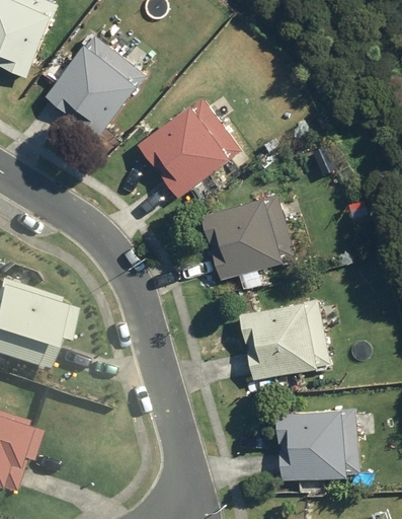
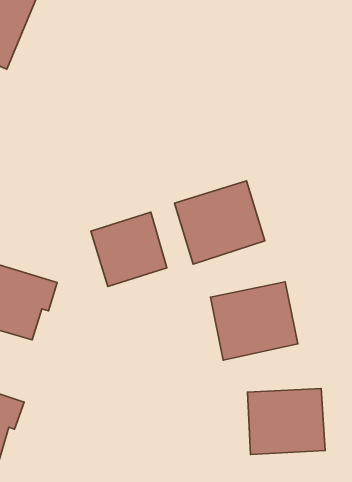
building: [47,36,146,139] -> none
building: [138,98,242,200] -> none
building: none -> [91,212,167,286]

